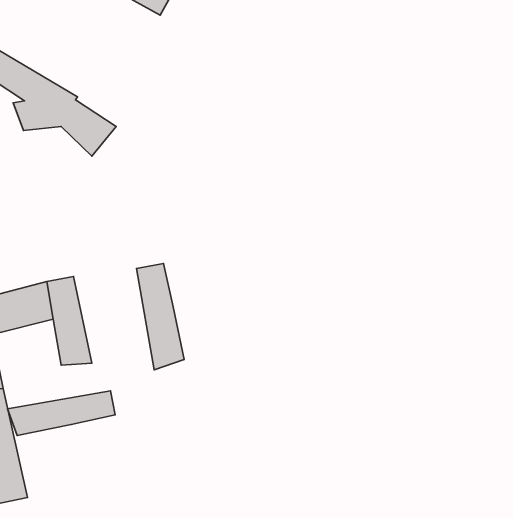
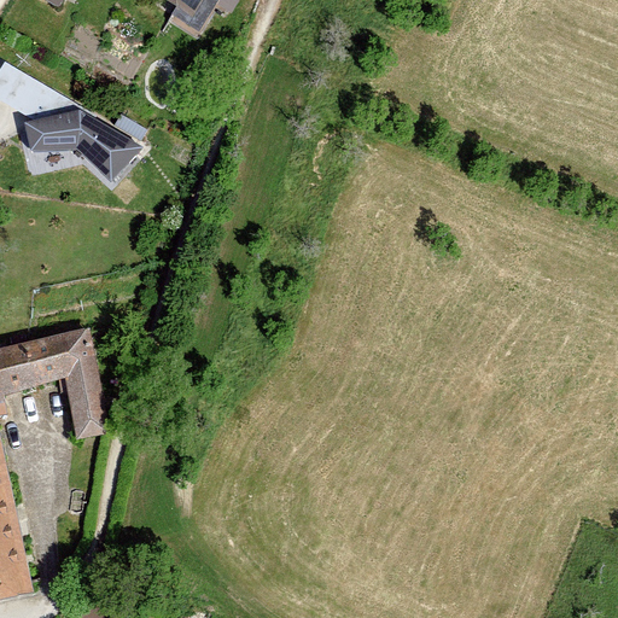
building: [136,263,184,370] -> none
building: [8,391,115,435] -> none

